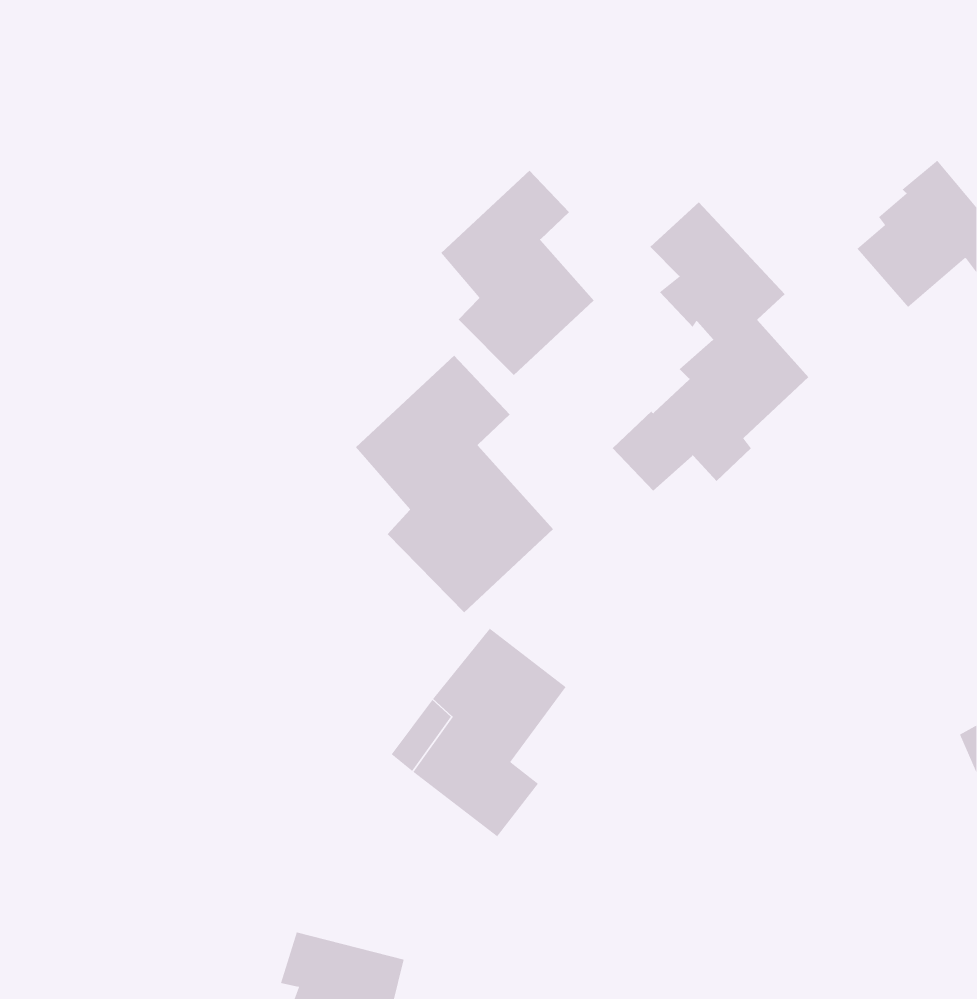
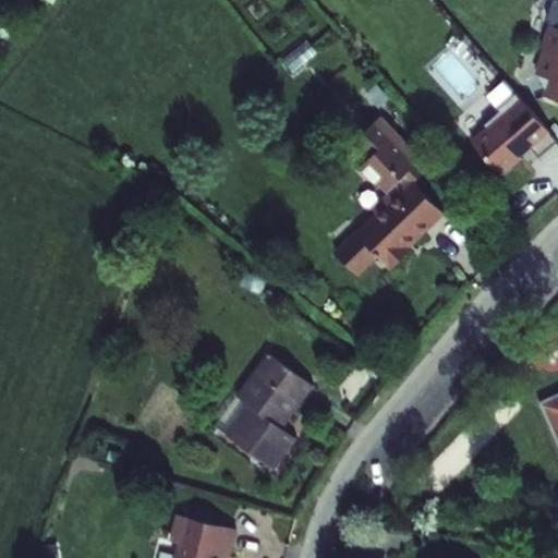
building: [440,170,594,376] -> none
building: [355,355,554,613] -> none

